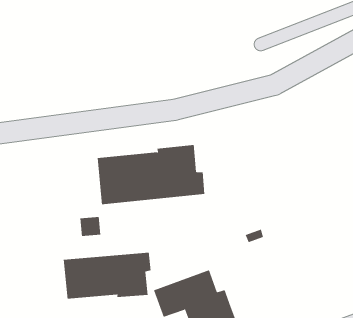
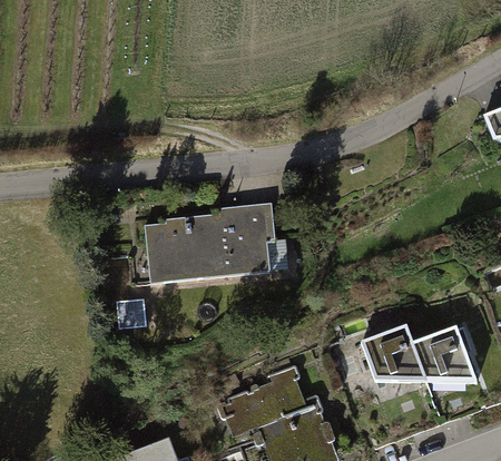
building: none -> [364,330,477,383]
building: [63,252,151,300] -> none

